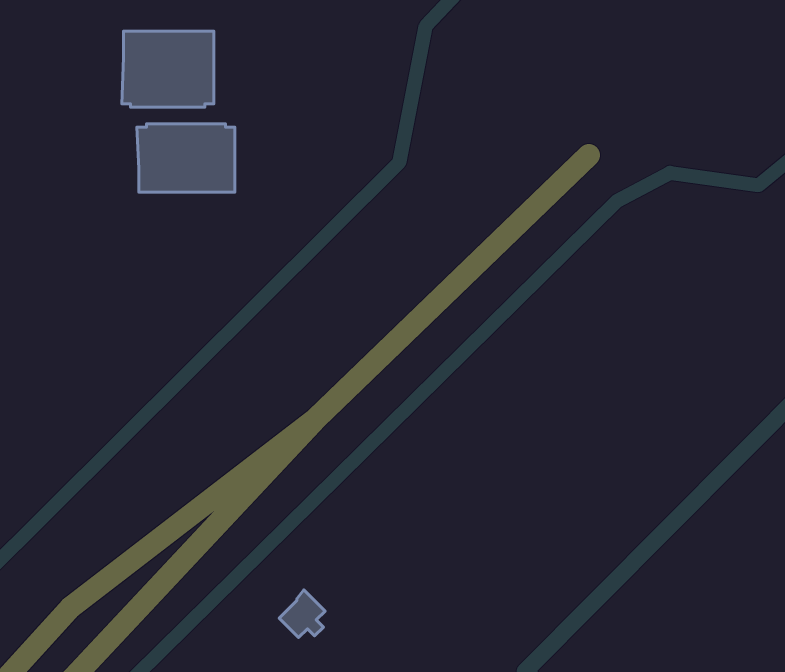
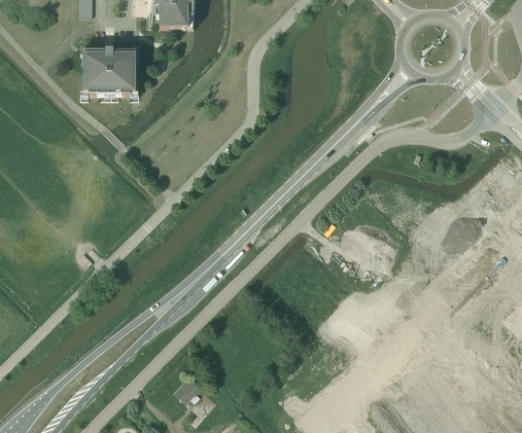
building: [137,124,235,192] -> none

